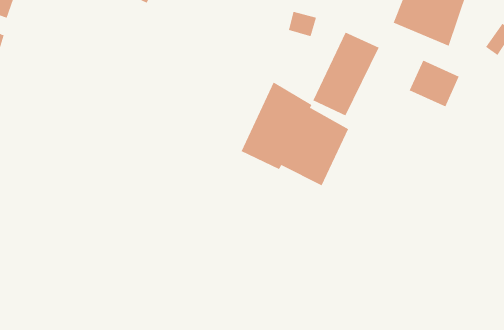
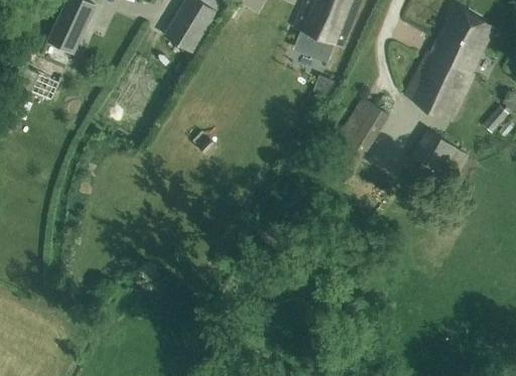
building: [241,82,349,186] -> none

